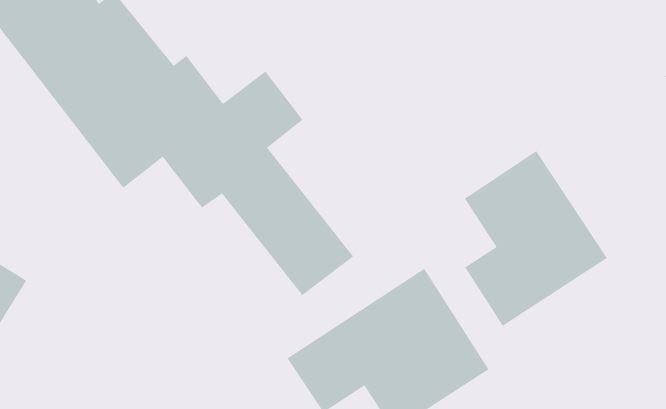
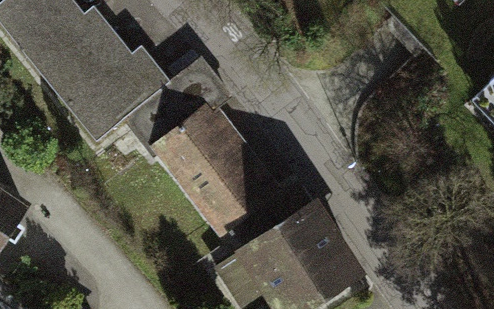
building: [464,150,608,327] -> none

